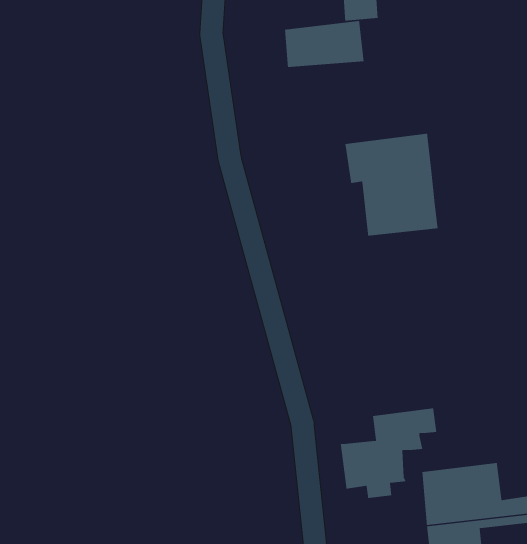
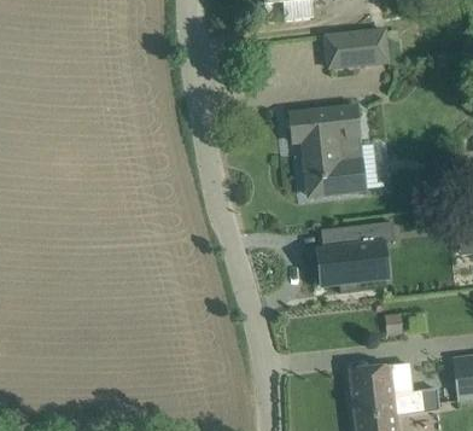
building: [284,20,365,68] -> [325,29,387,66]
building: [340,408,437,499] -> [317,221,393,292]

